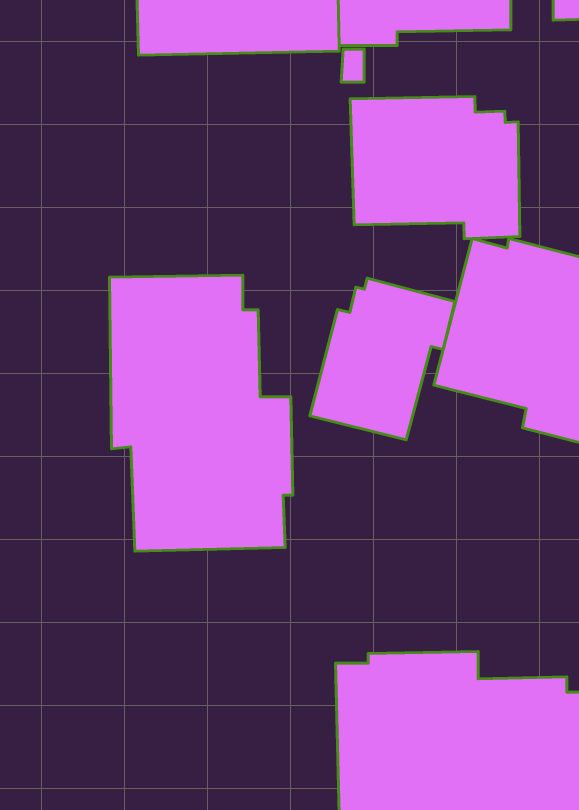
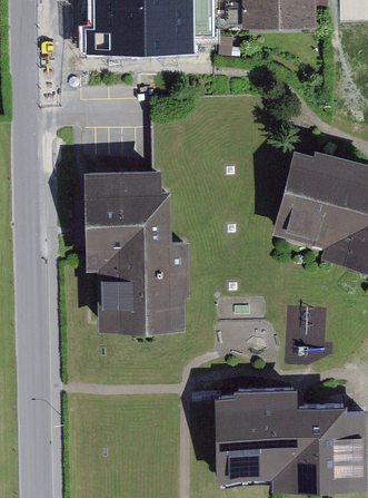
building: [350,96,520,239] -> none
building: [310,278,455,440] -> none

